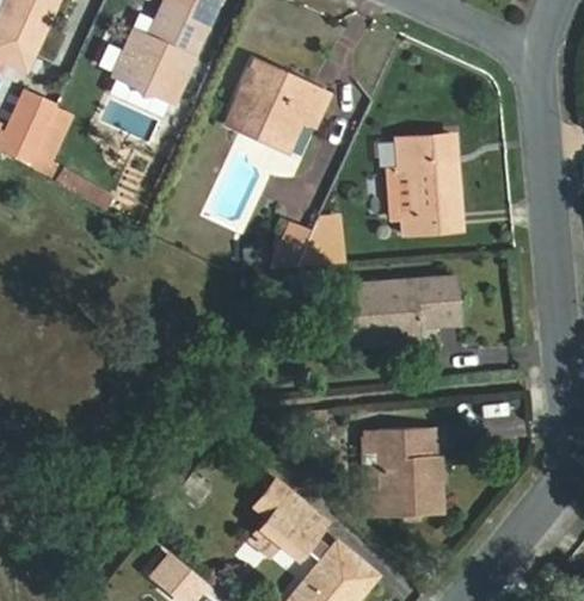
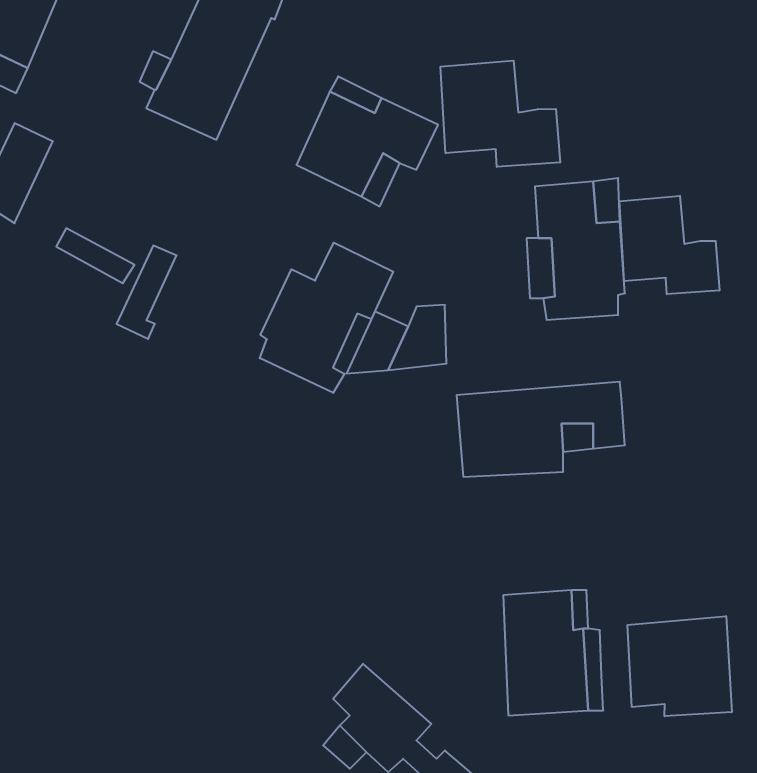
building: none -> [441,61,560,167]
building: [25,107,68,174] -> [117,245,177,339]
building: none -> [619,196,719,294]
building: none -> [260,243,393,393]
building: none -> [628,616,732,716]

